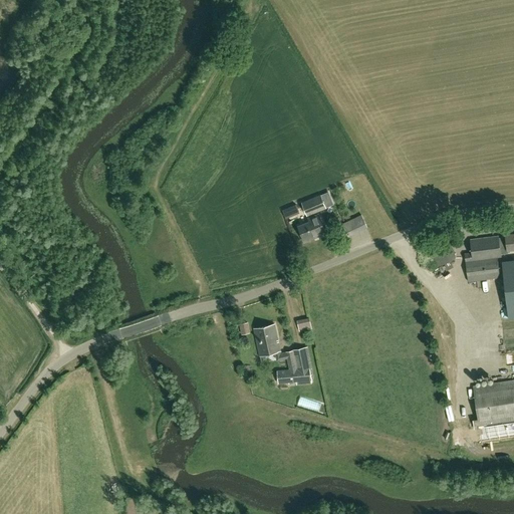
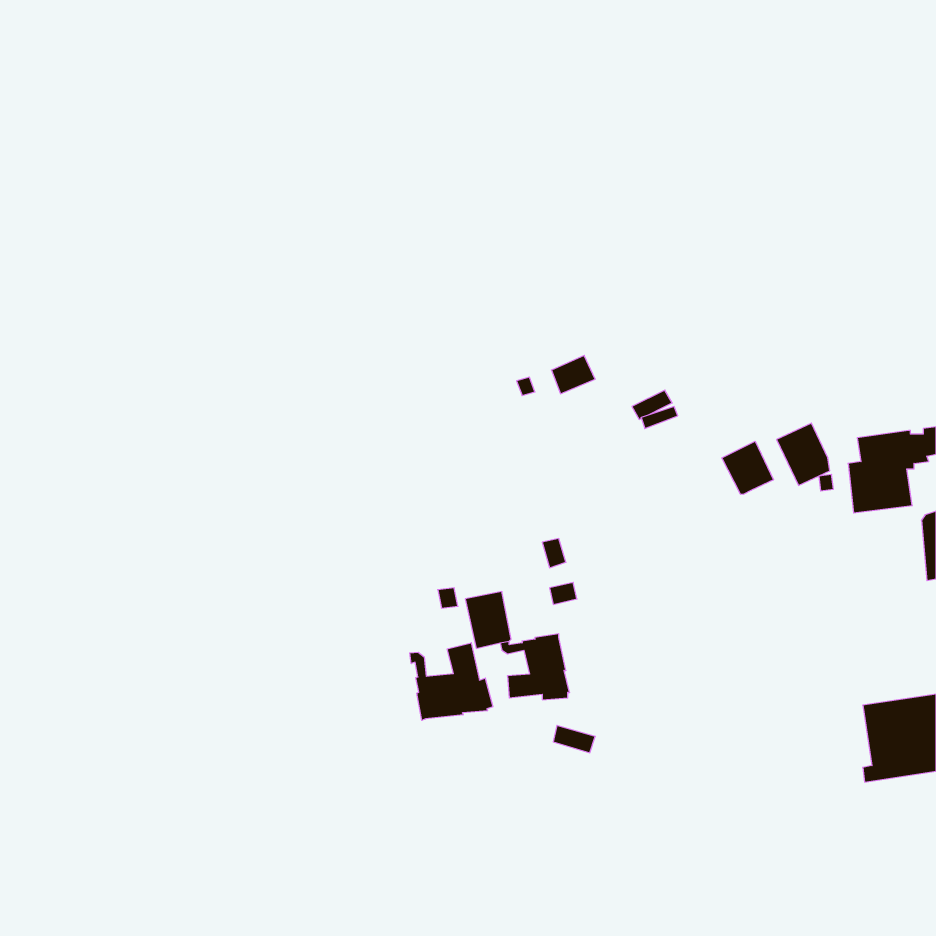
building: [299,214,325,241] -> none
building: none -> [722,441,773,494]
building: none -> [410,643,493,720]

